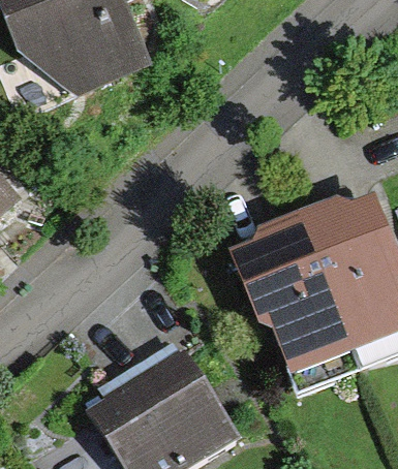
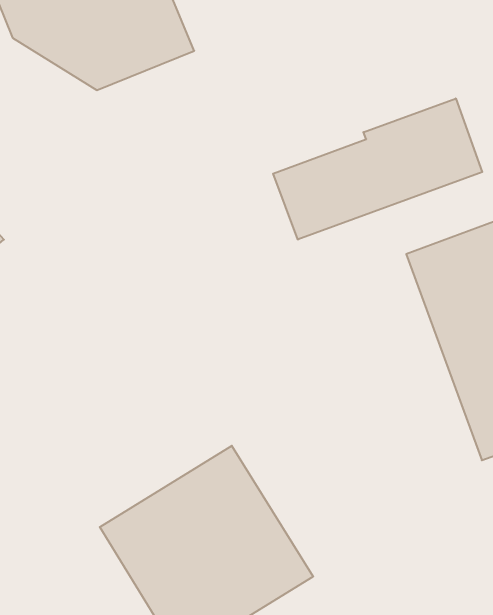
building: none -> [273,98,482,240]
building: [235,209,356,376] -> none

